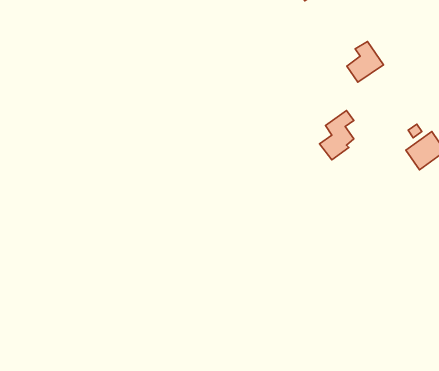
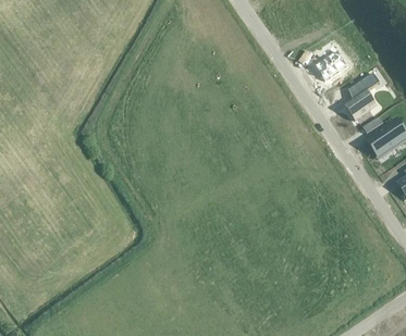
building: [319,111,354,160] -> [344,76,374,120]

